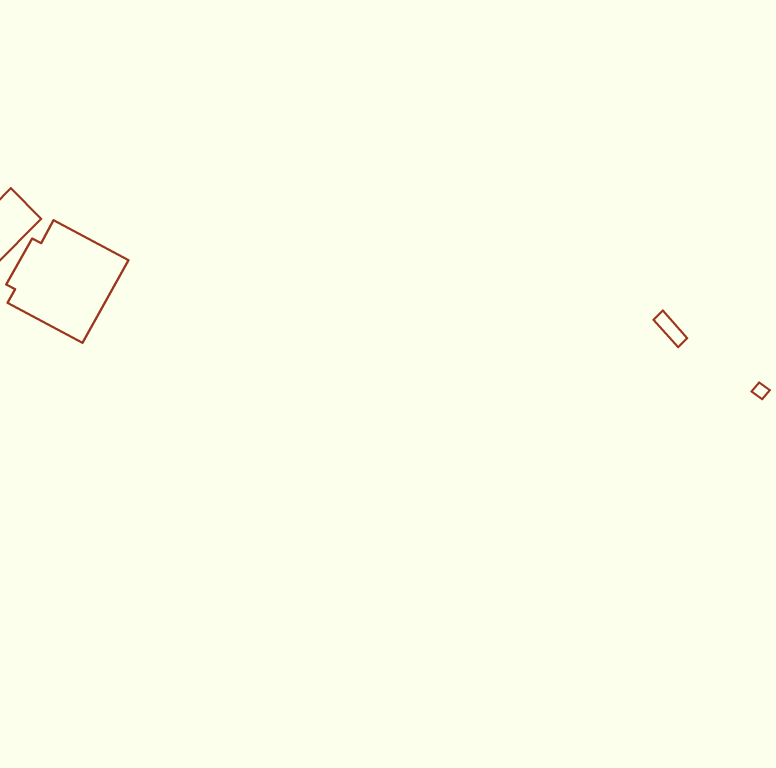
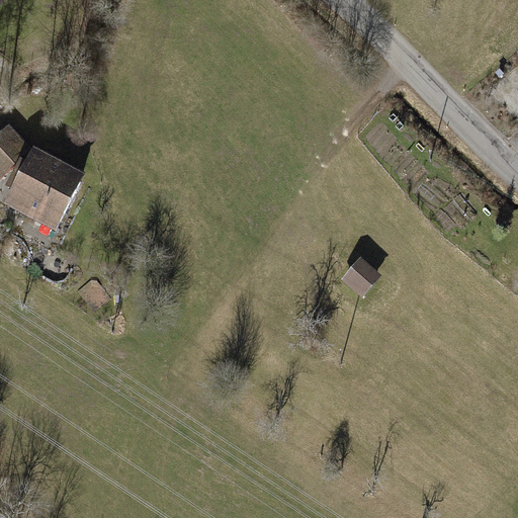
building: none -> [340,257,379,296]

